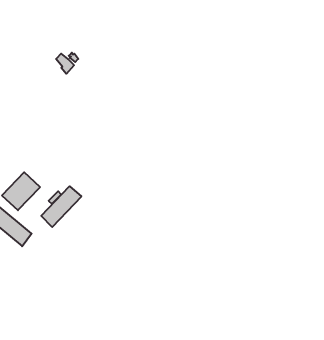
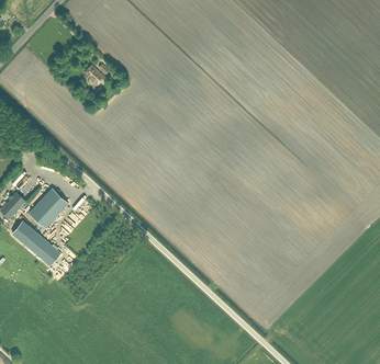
building: [41,186,81,227] -> none

